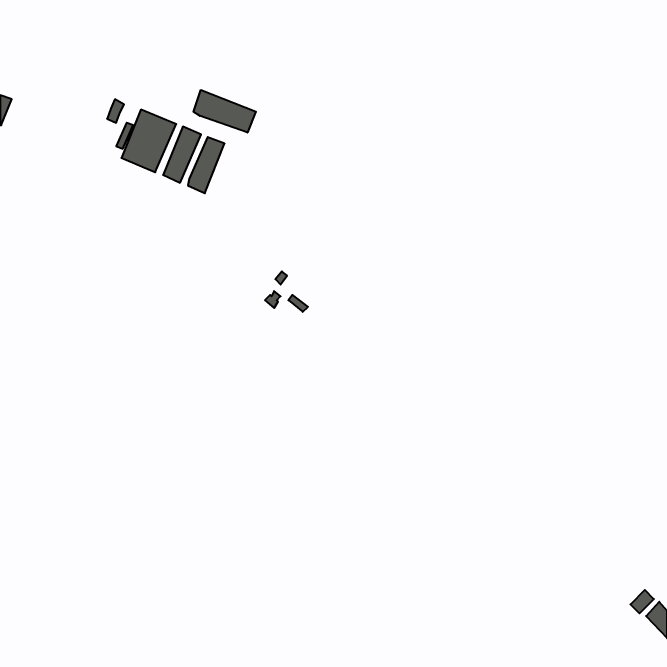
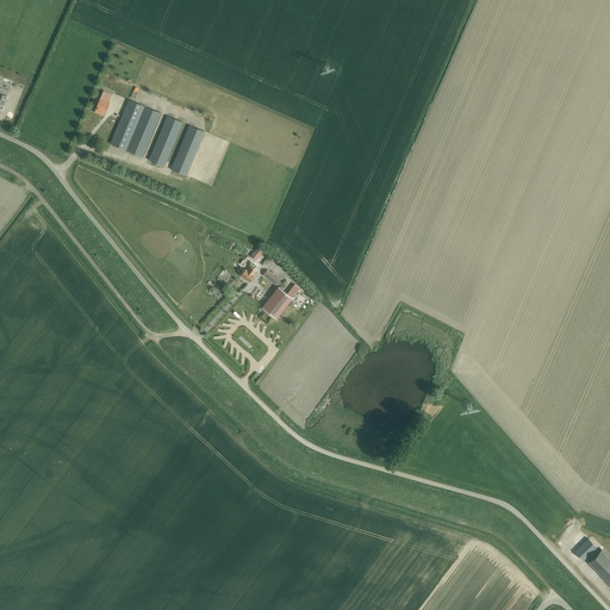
building: [194,90,256,133] -> none
building: none -> [262,284,300,318]

